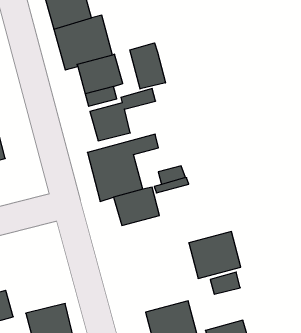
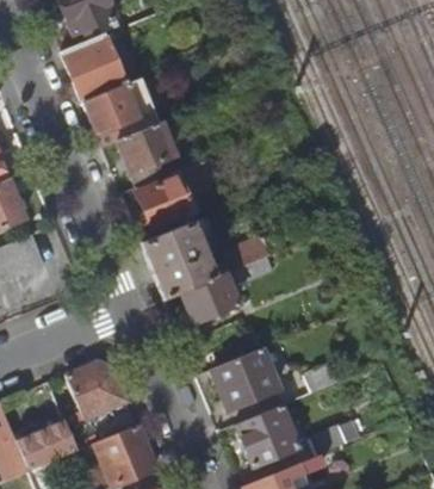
building: [130,43,165,89] -> none
building: [189,232,241,278] -> [213,348,279,409]
building: none -> [67,361,129,421]

